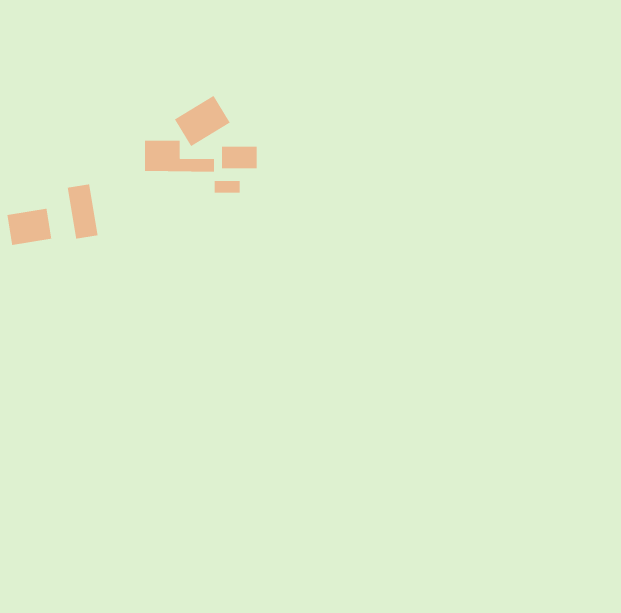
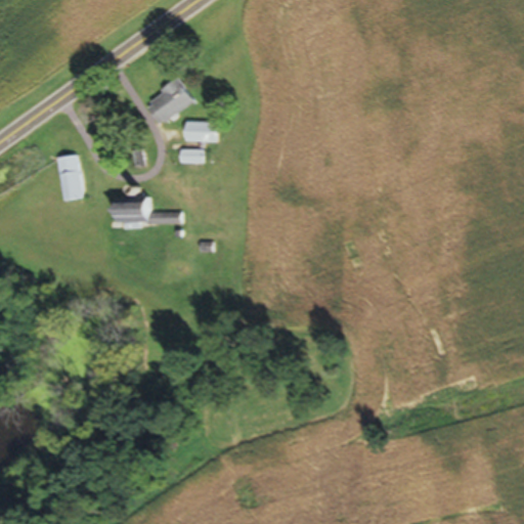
building: [144,140,215,173] -> [121,196,180,224]
building: [6,208,52,246] -> none

